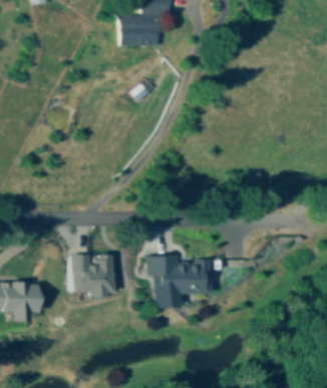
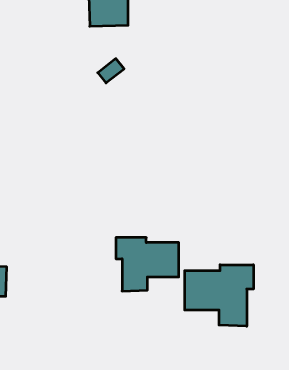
building: [71,254,114,298] -> none
building: none -> [185,265,253,326]

